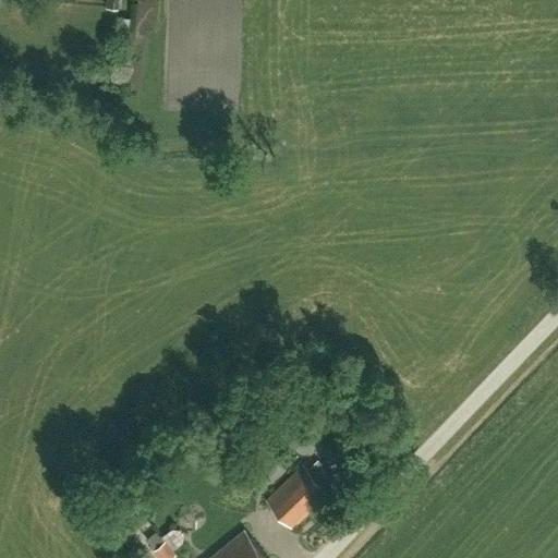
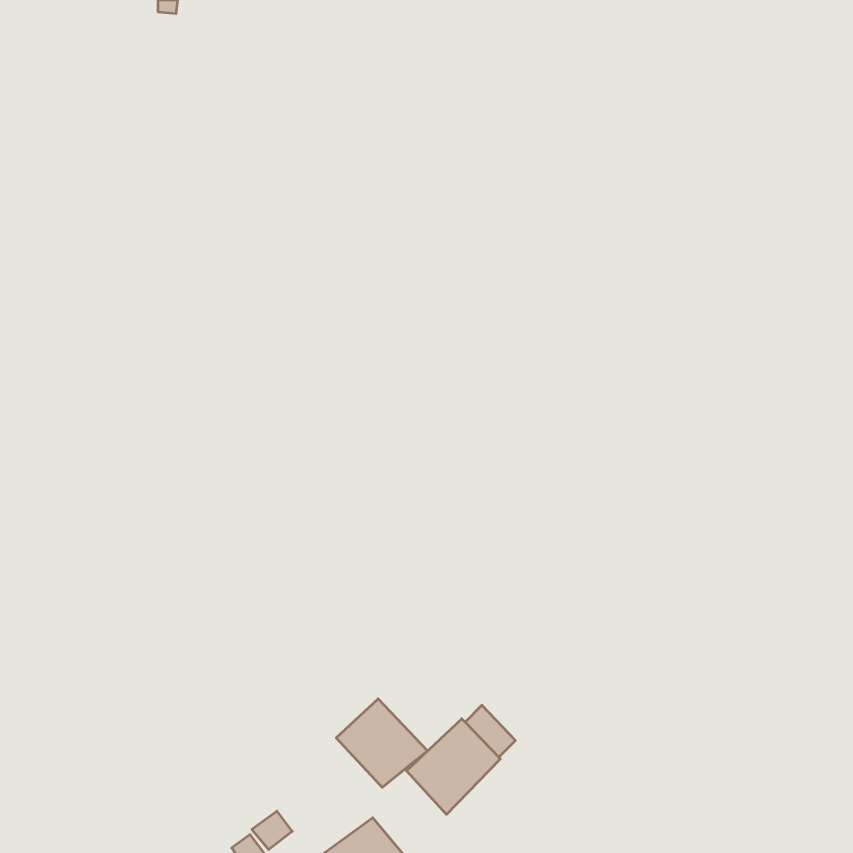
building: none -> [336,699,427,787]

